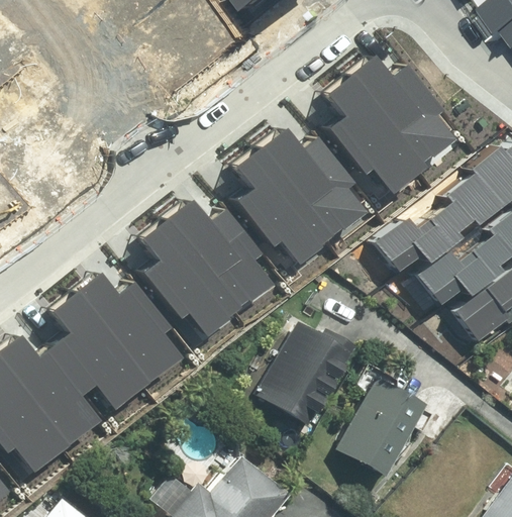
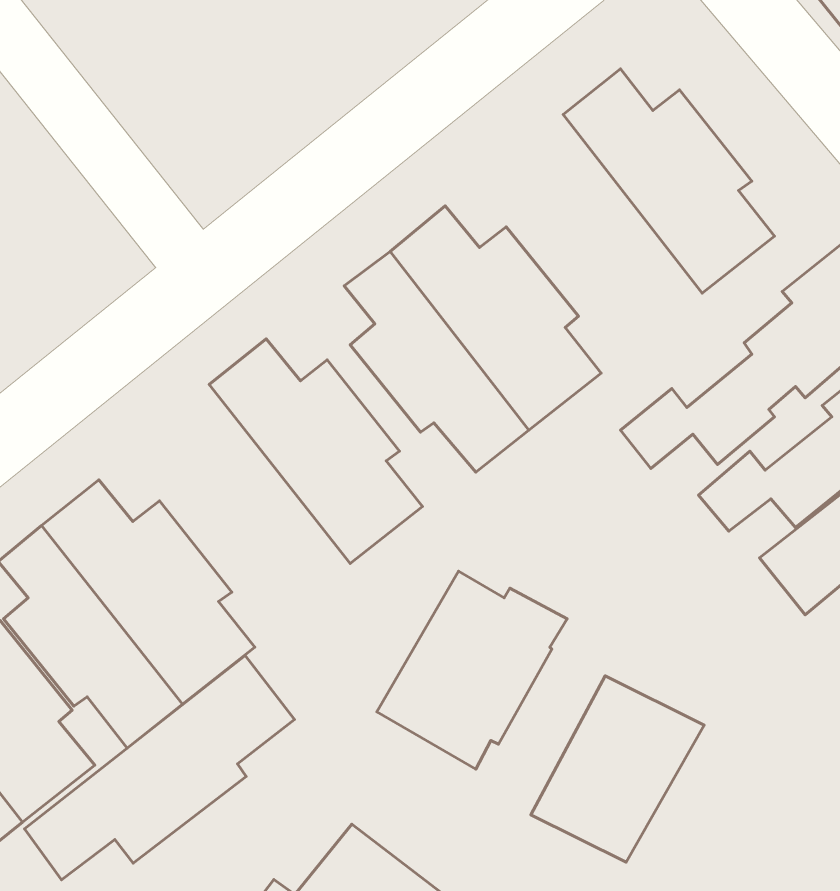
building: [327,78,424,196] -> none
building: [139,221,237,339] -> none
building: none -> [25,655,294,880]

